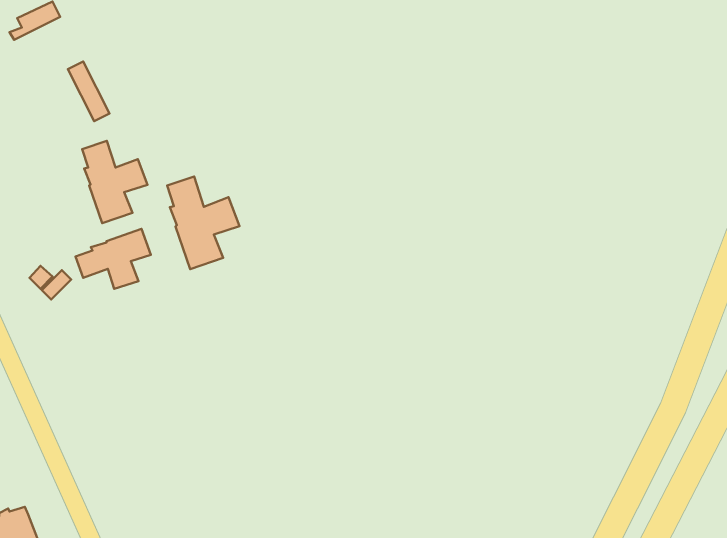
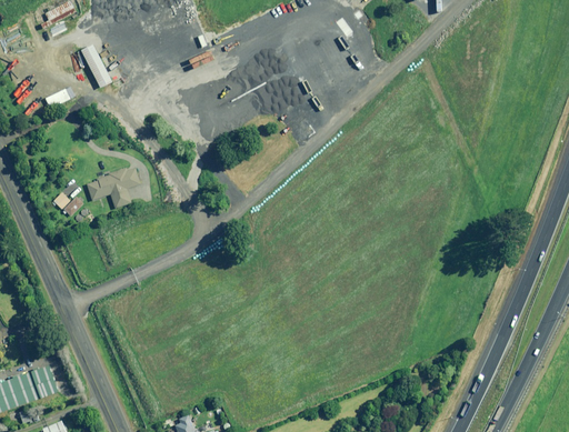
building: [82,141,148,223] -> none
building: [167,176,240,269] -> none

